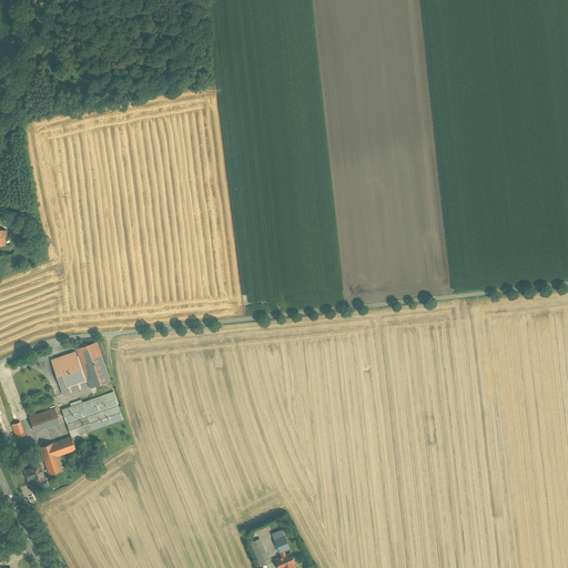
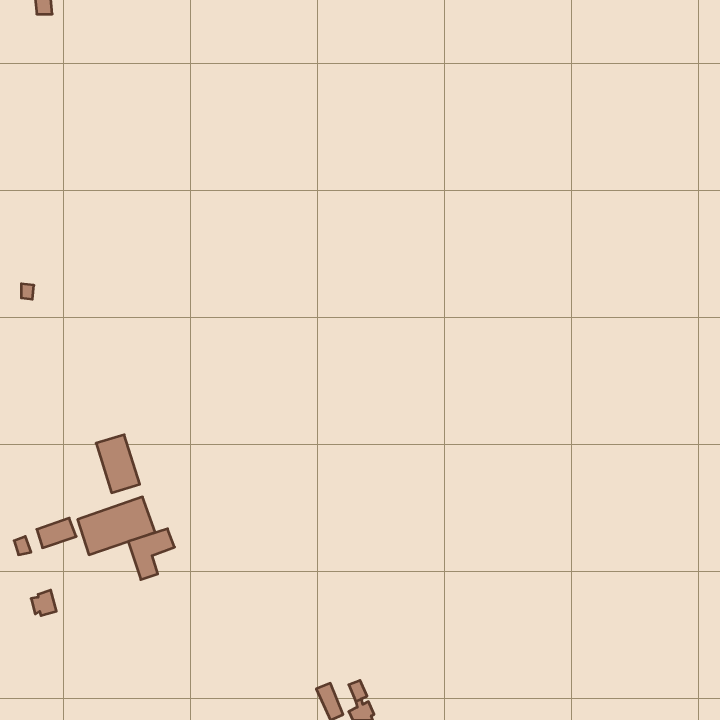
building: [50,351,85,394] -> none
building: [39,436,75,476] -> [128,529,175,580]

